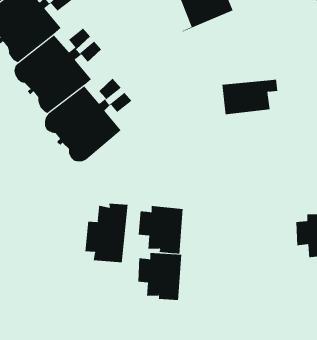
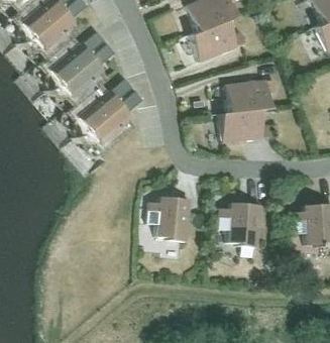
building: none -> [191,14,249,60]
building: none -> [221,106,276,140]
building: [85,203,128,263] -> none
building: [138,252,182,300] -> [221,201,262,245]

